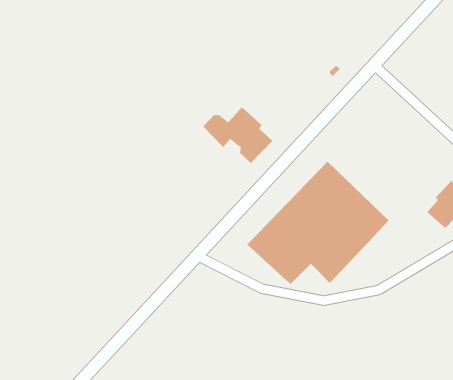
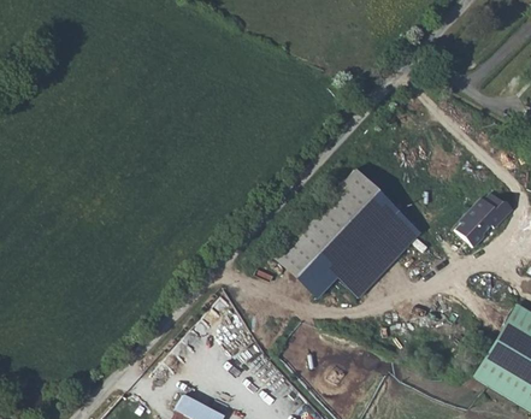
building: [202,107,273,164] -> none

